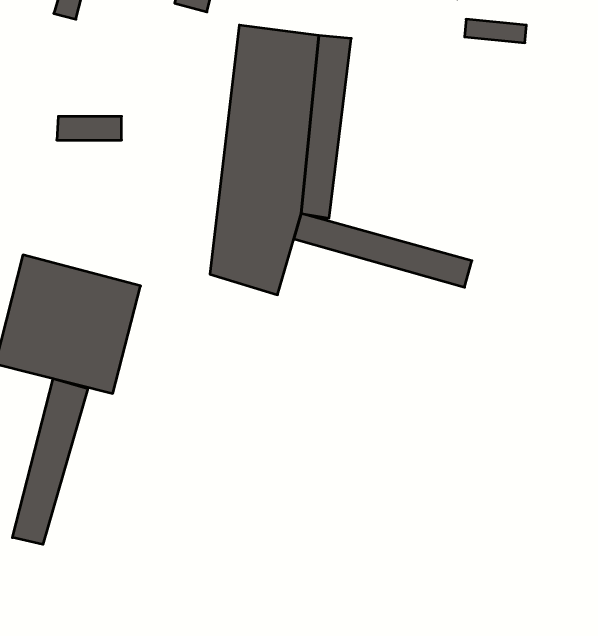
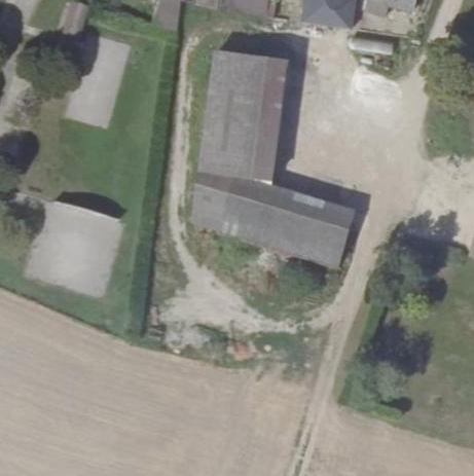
building: none -> [225,194,356,267]
building: [12,379,88,544] -> none

